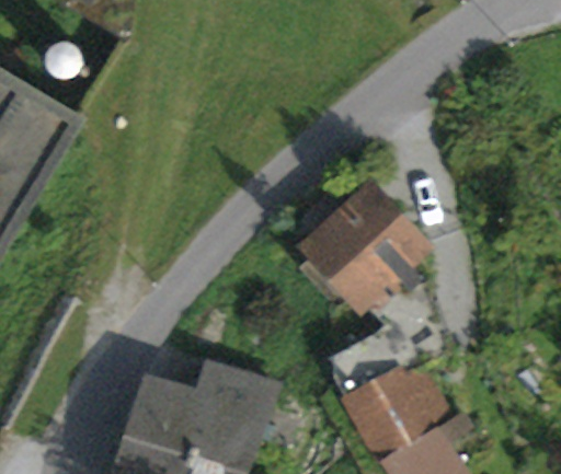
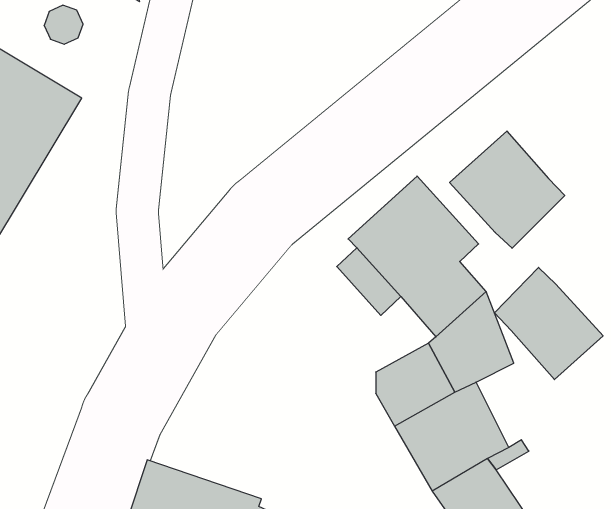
building: none -> [450,131,565,248]
building: none -> [494,267,603,380]
building: [133,362,276,463] -> none

